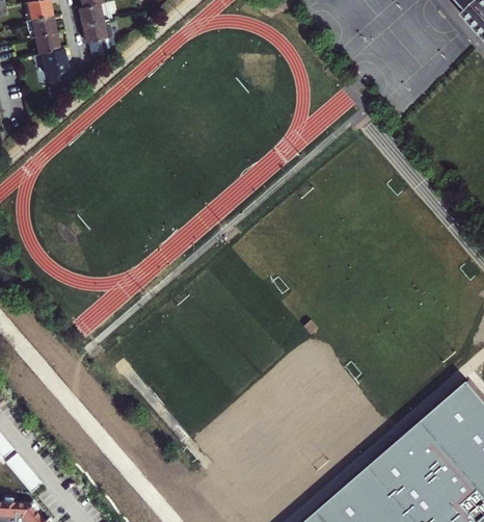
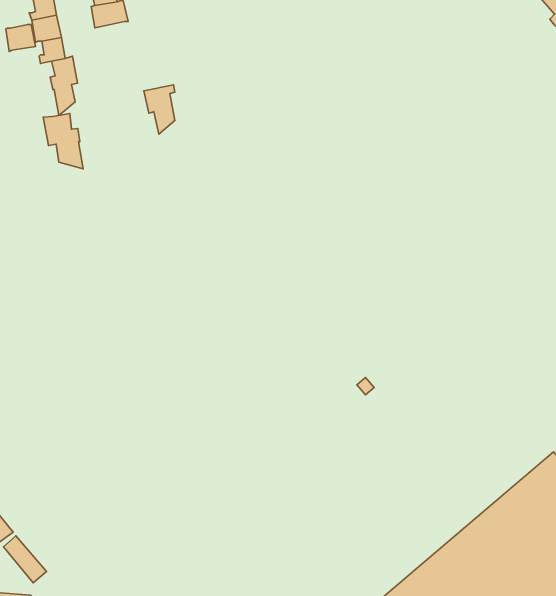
building: [82,20,108,61] -> [144,85,175,134]
building: none -> [6,24,35,51]
building: none -> [43,113,83,169]

